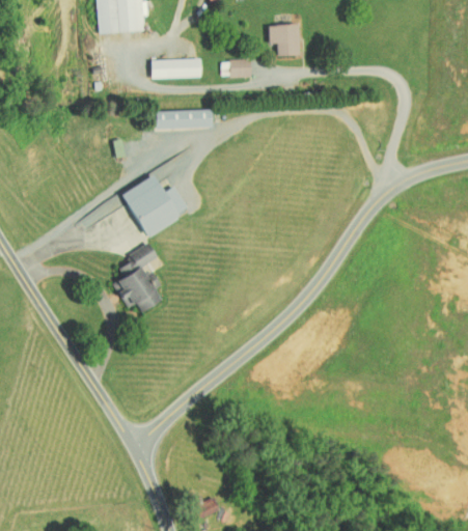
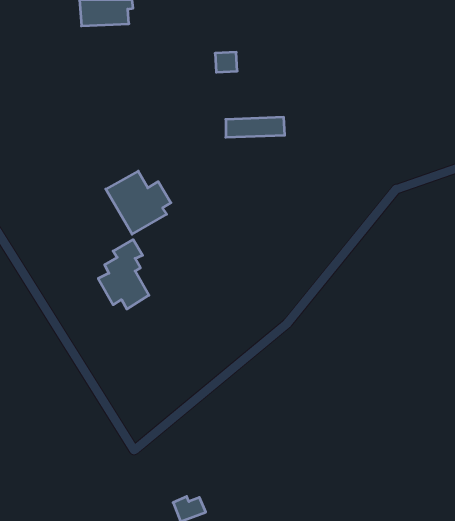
building: [268,24,299,55] -> none
building: [150,58,201,78] -> none
building: [155,109,213,129] -> [226,117,285,137]

